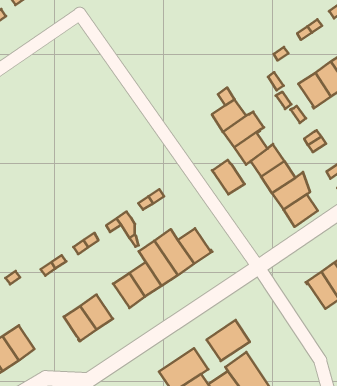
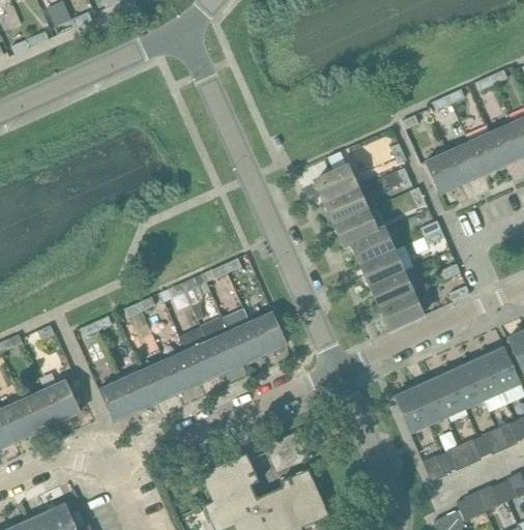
building: [212,160,245,194] -> none
building: none -> [141,360,177,402]
building: none -> [42,380,79,421]

